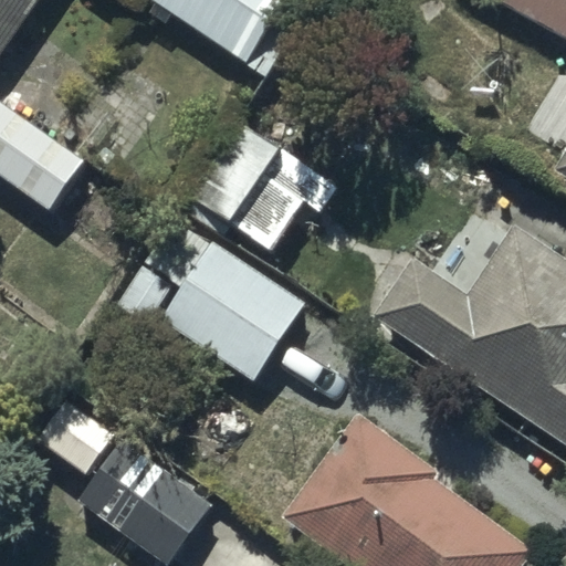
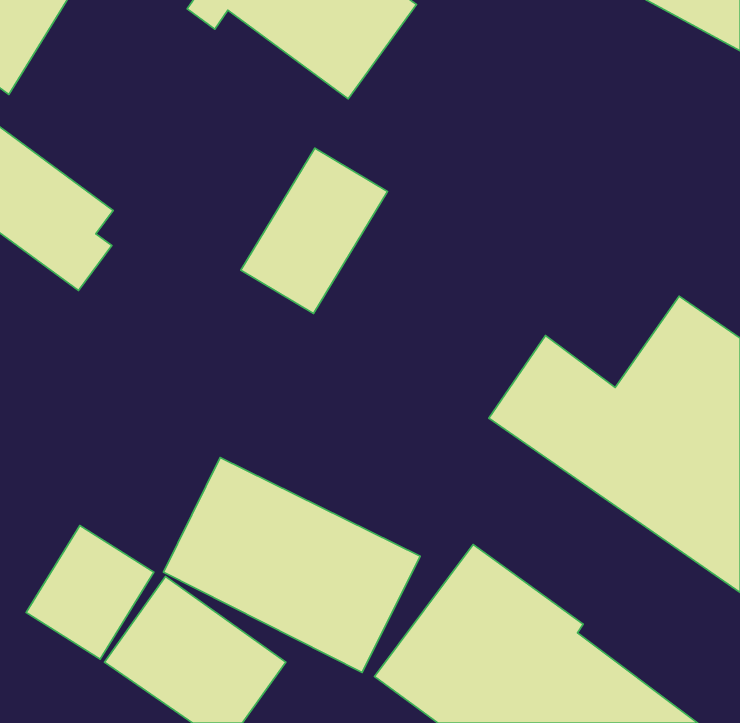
building: [115,219,311,382] -> [163,458,420,672]

